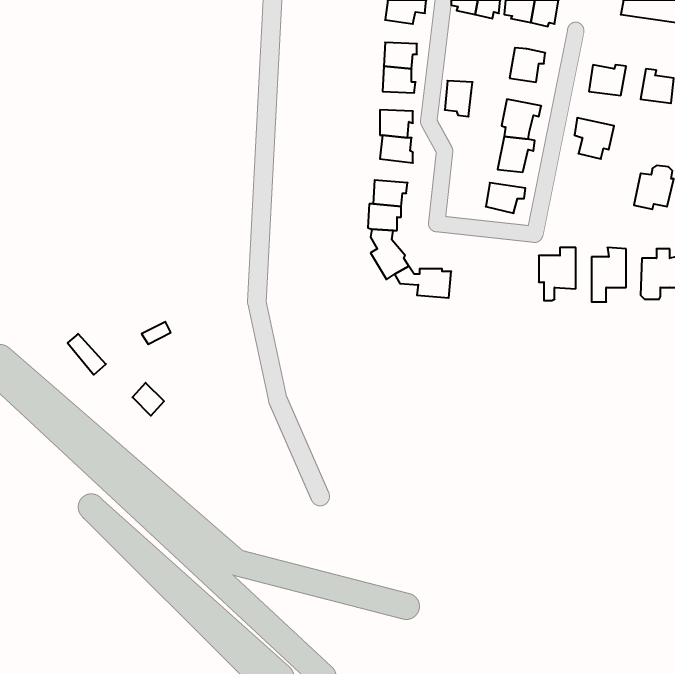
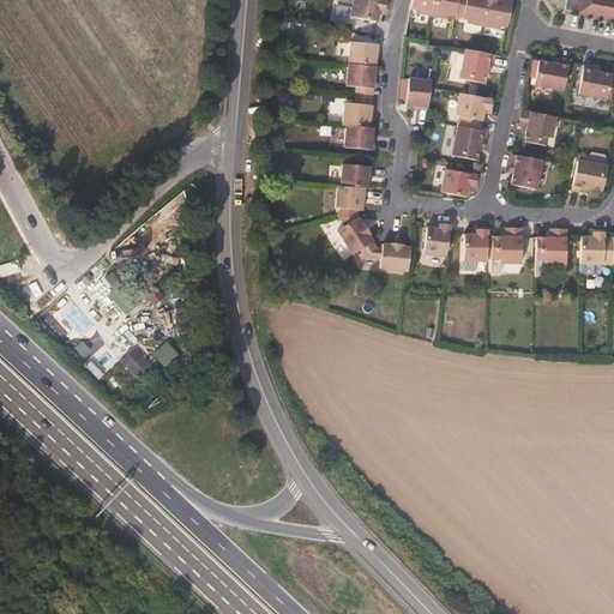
building: none -> [514,154,543,188]
building: none -> [426,224,452,258]
building: none -> [464,225,490,261]

